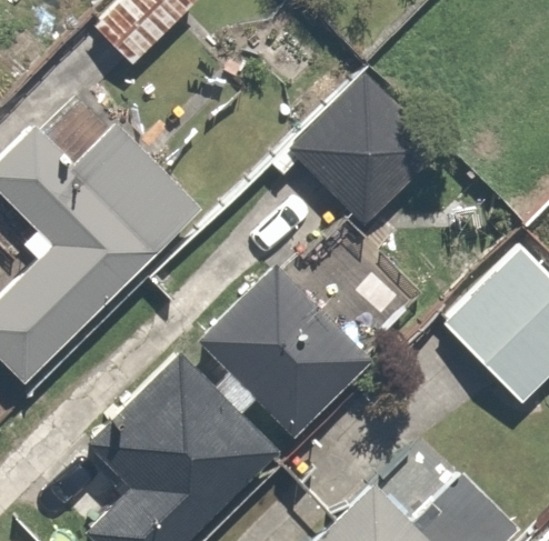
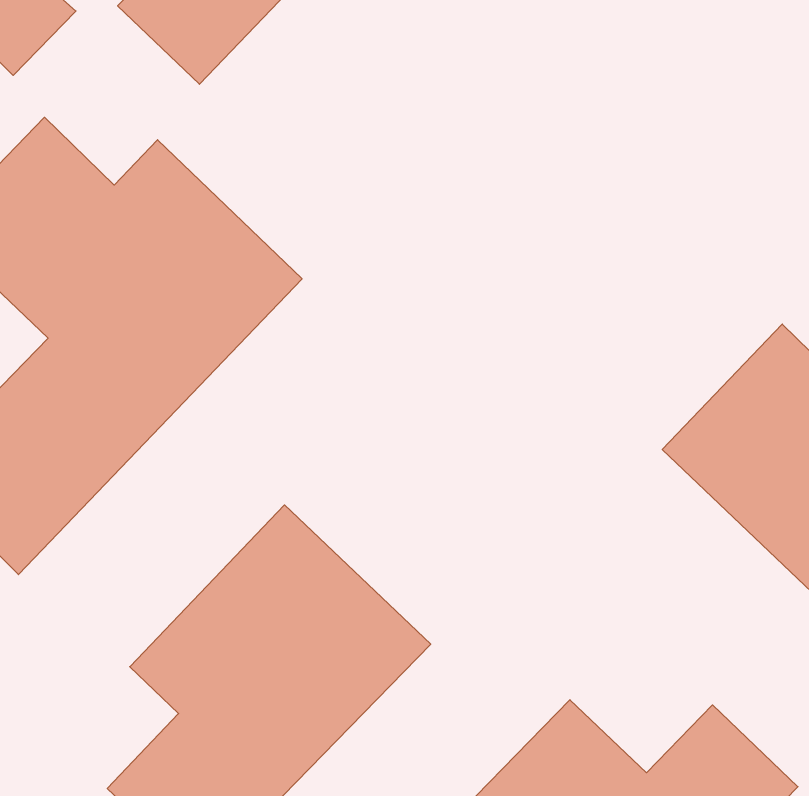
building: [283,59,428,236] -> none
building: [202,259,387,442] -> none

